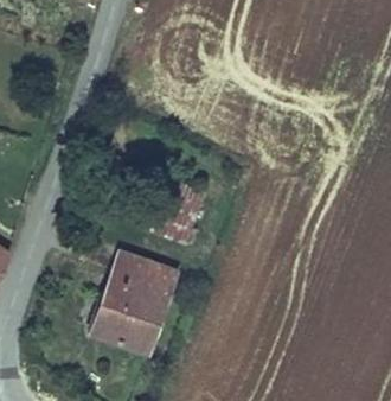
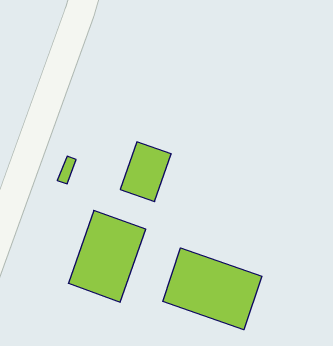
building: none -> [163,248,262,330]

